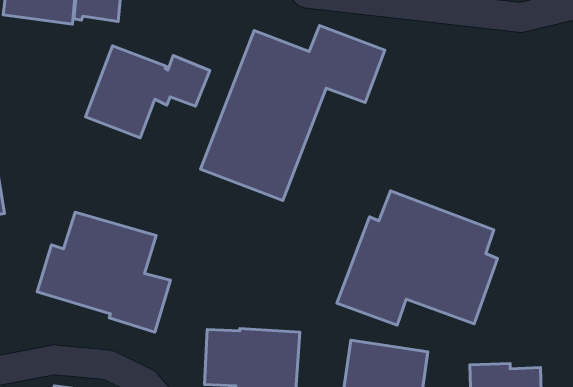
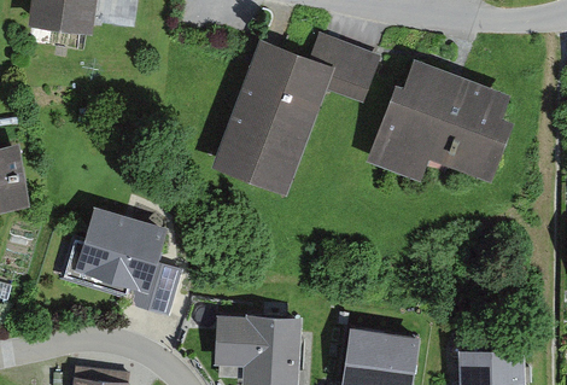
building: [86,46,210,138] -> none
building: [337,191,498,325] -> [364,58,513,182]

